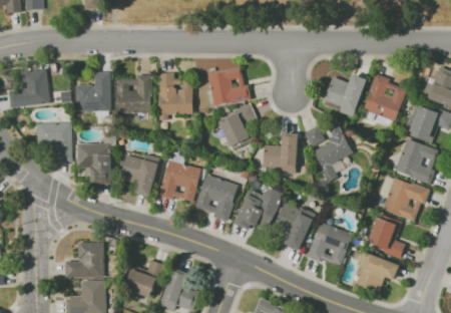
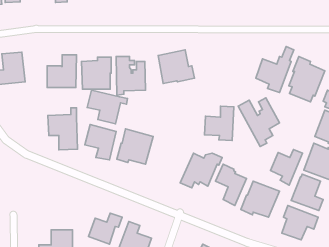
building: [218,102,257,148] -> none
building: none -> [87,90,128,124]
building: [37,122,71,162] -> none
building: [194,174,238,222] -> none
building: none -> [270,150,303,185]
building: [64,242,104,277] -> none

